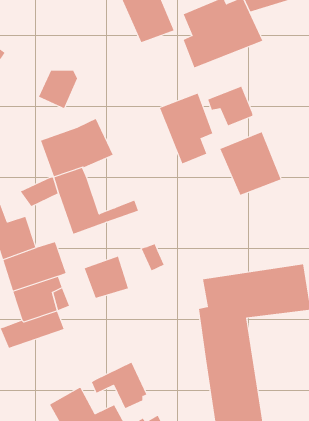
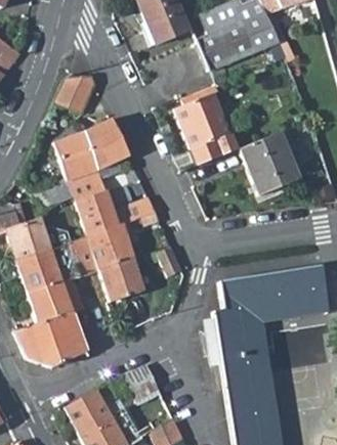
building: [207,86,253,126] -> none
building: none -> [71,224,134,275]
building: none -> [24,331,86,367]

